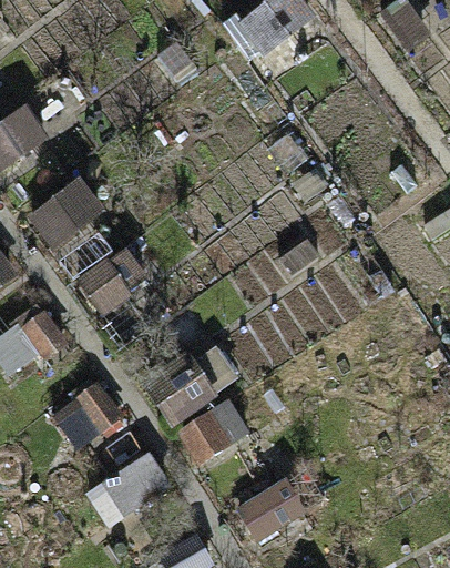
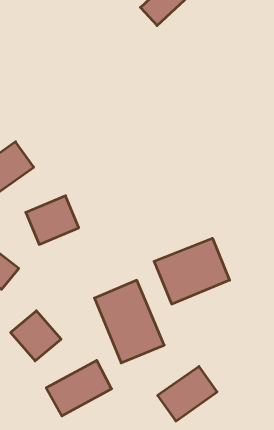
building: none -> [154,238,230,304]

